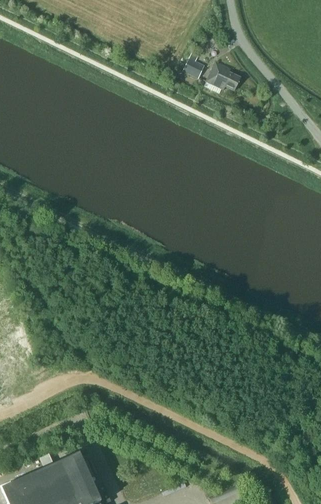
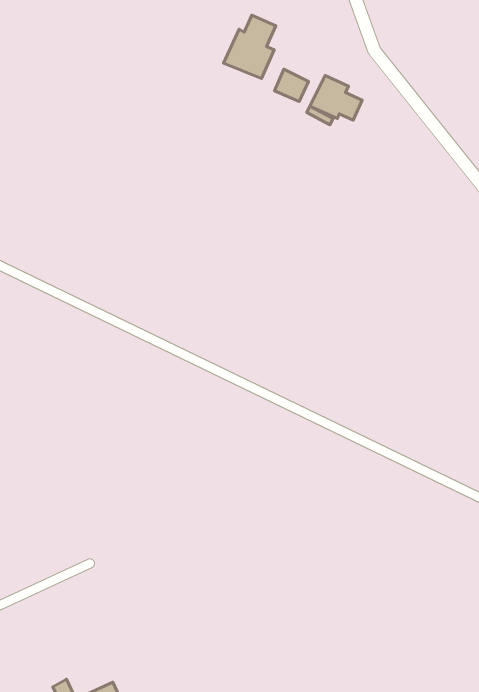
building: none -> [223,15,276,78]

